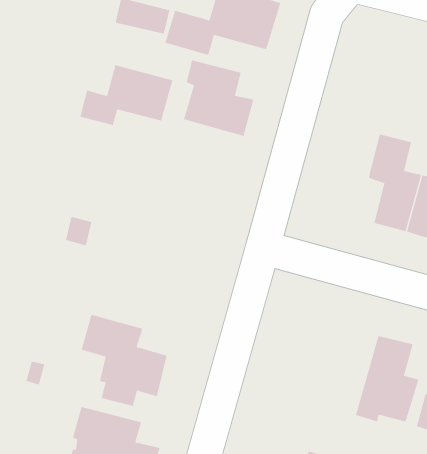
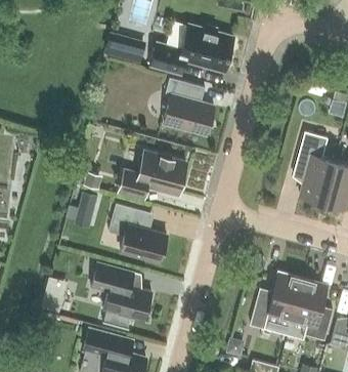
building: [79,64,173,126] -> [119,153,186,197]
building: none -> [108,205,167,262]
building: none -> [249,271,303,335]

